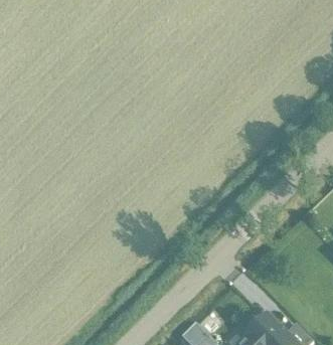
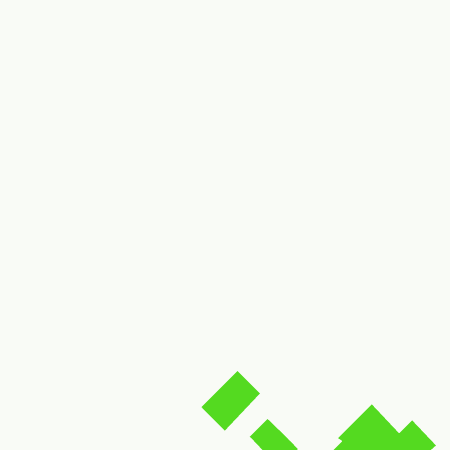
building: none -> [200,370,261,431]

